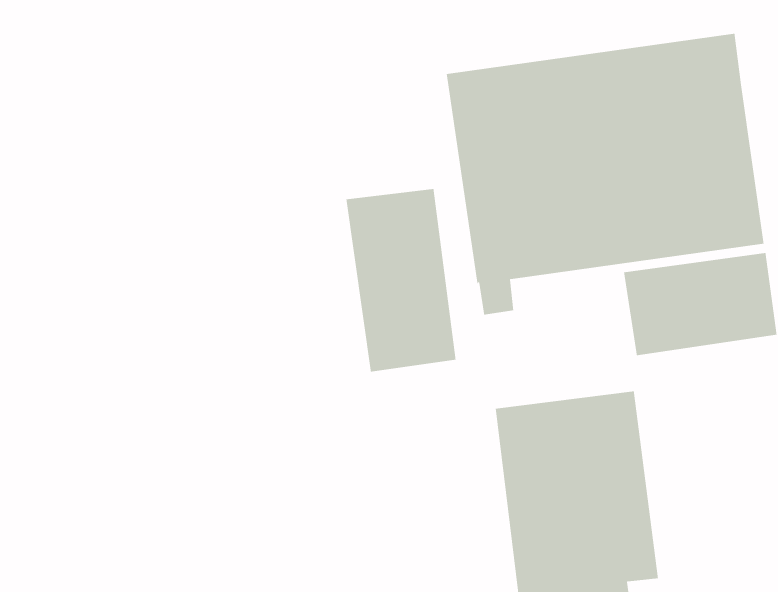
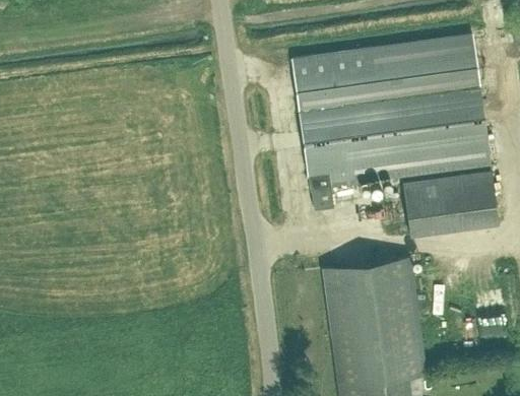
building: [346,188,457,372] -> none

